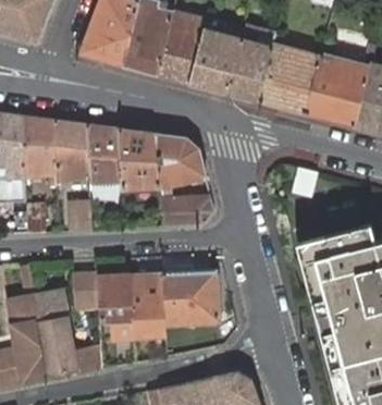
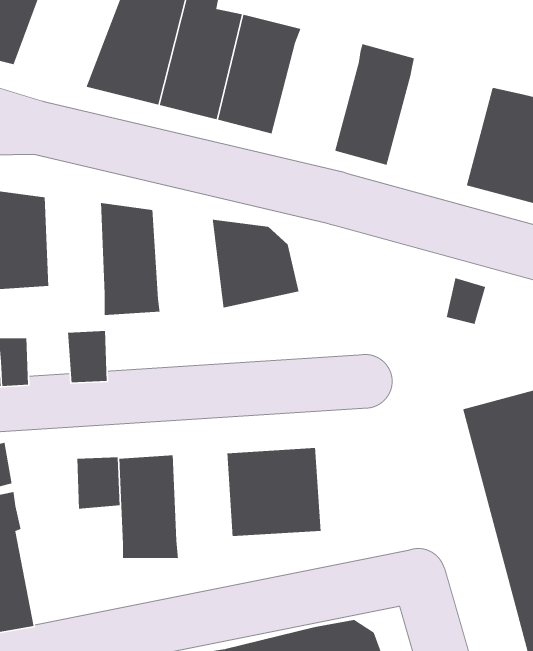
building: [189,28,241,93] -> none
building: [258,42,320,113] -> none
building: [54,120,89,180] -> none
building: [119,127,160,188] -> none
building: [161,196,214,225] -> none
building: [131,272,165,335] -> none
building: [36,291,102,376] -> none

